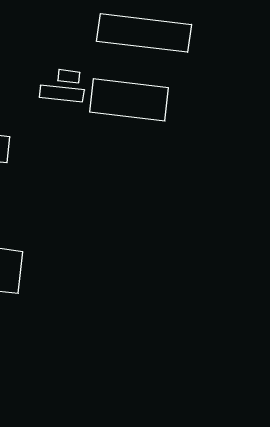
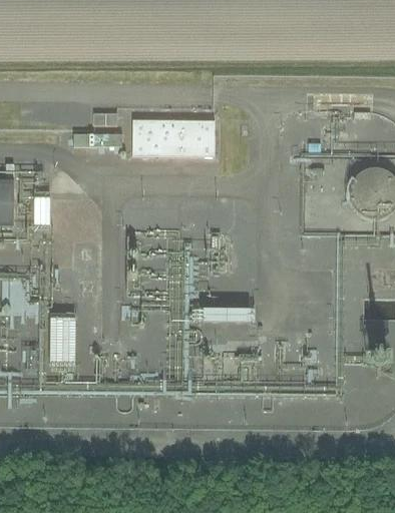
building: [97,14,191,52] -> none

